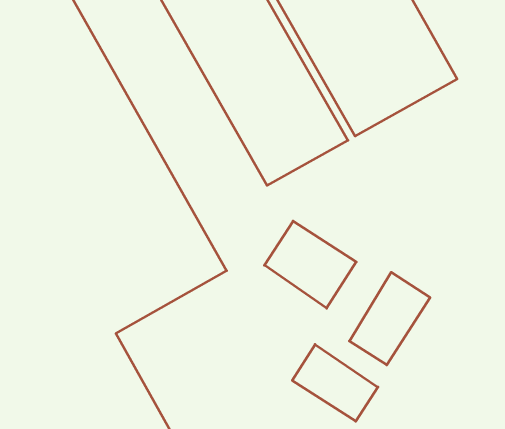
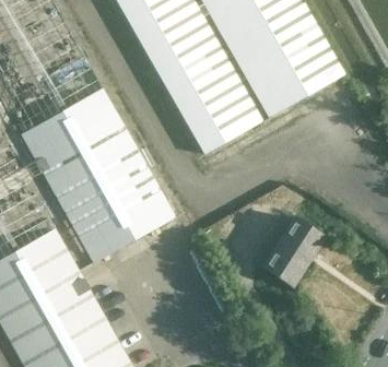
building: [264,221,356,308] -> none
building: [292,344,378,421] -> none

